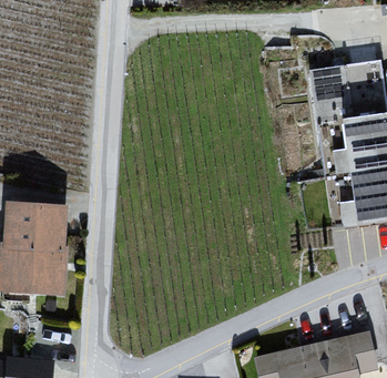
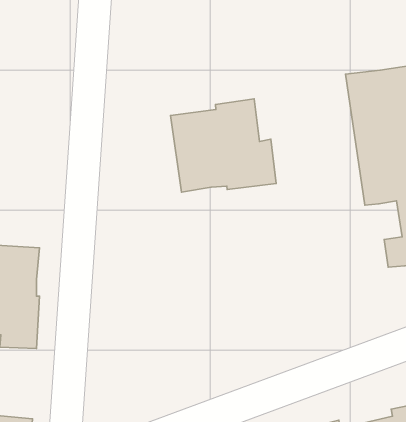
building: none -> [171,99,276,192]

